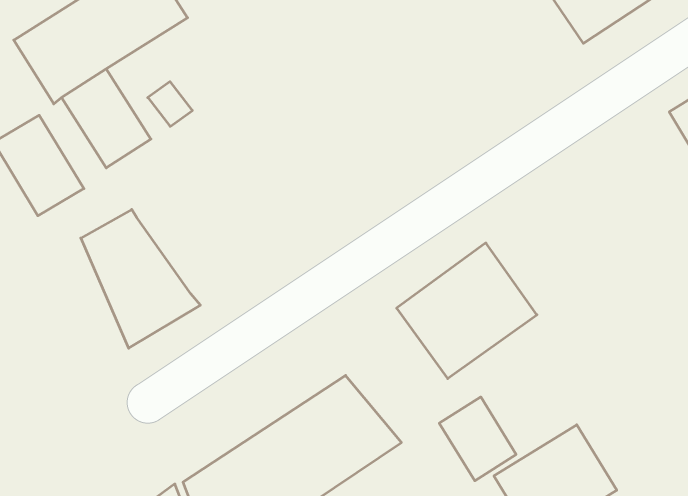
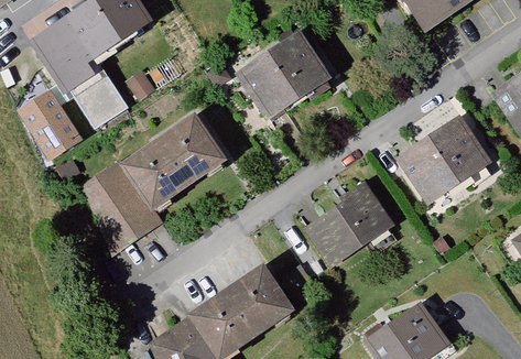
building: none -> [235,29,330,119]
building: none -> [118,106,230,211]
building: none -> [394,108,493,204]
building: [439,397,516,481] -> none

